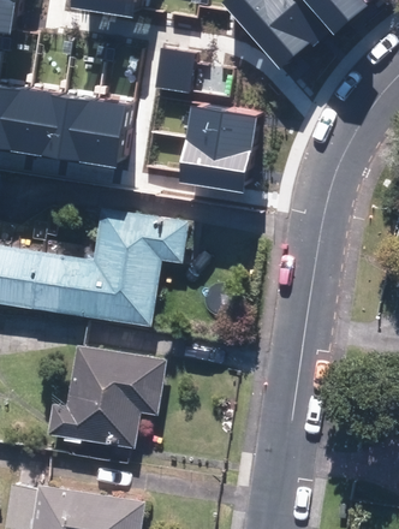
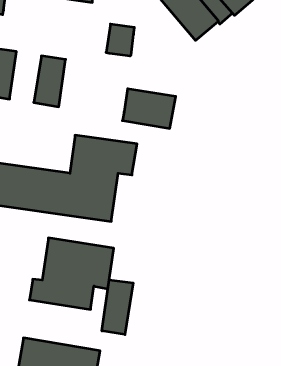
building: [18,88,62,159] -> none
building: [87,99,129,170] -> none
building: [183,102,256,150] -> none
building: none -> [102,280,133,335]

